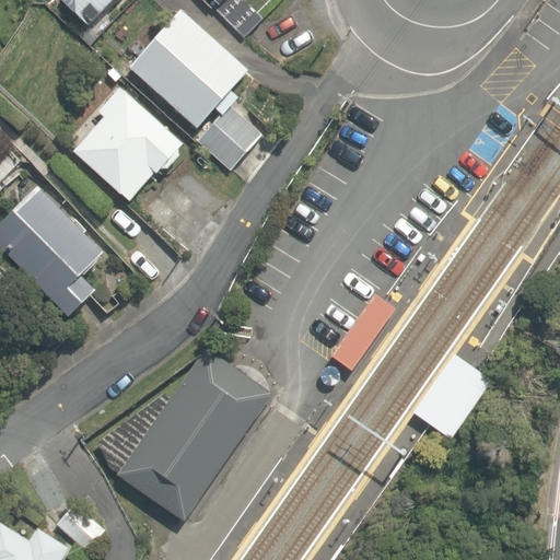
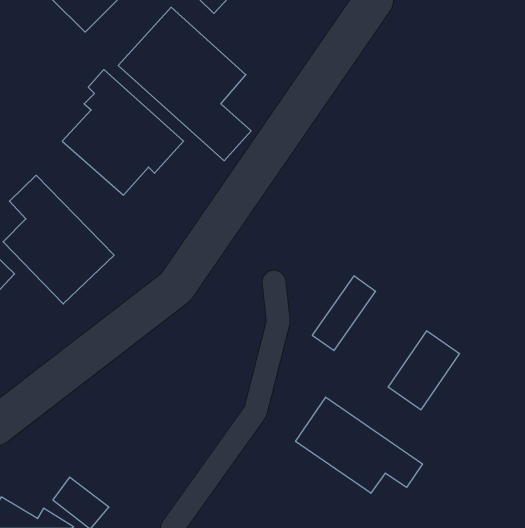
building: [95,349,270,522] -> none
building: none -> [296,397,422,493]

